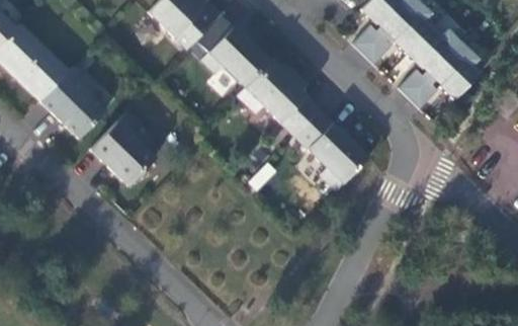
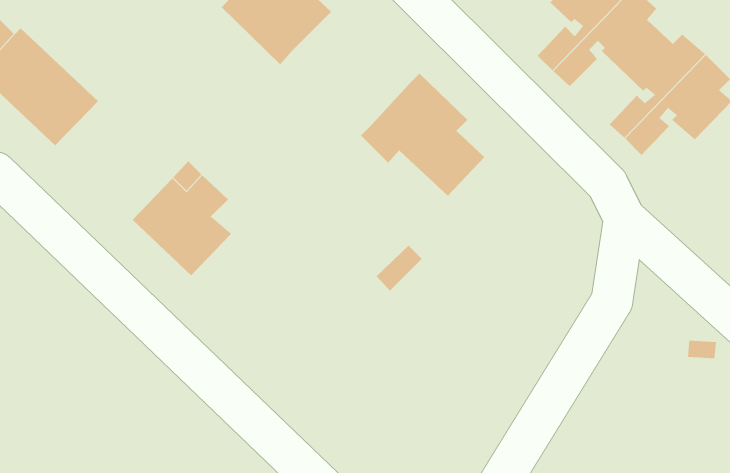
building: [195,15,270,88] -> none
building: [41,68,106,140] -> none
building: [295,109,369,190] -> none

